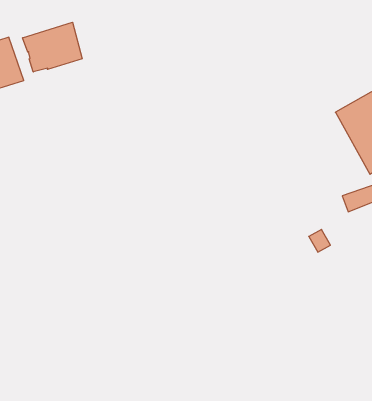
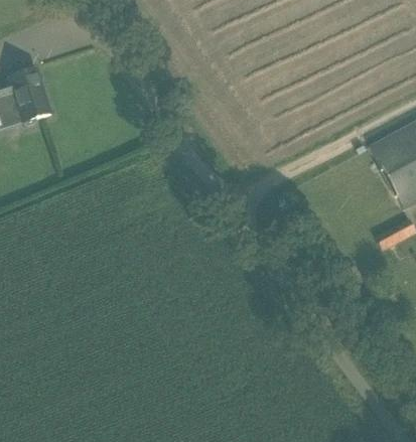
building: [23,22,82,72] -> none

